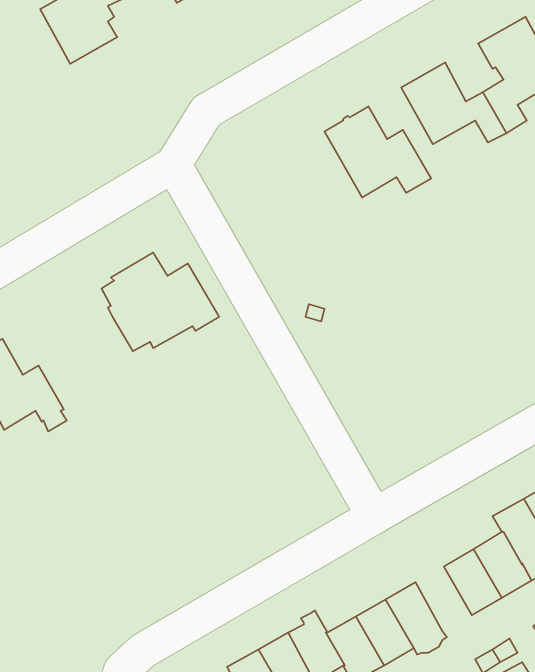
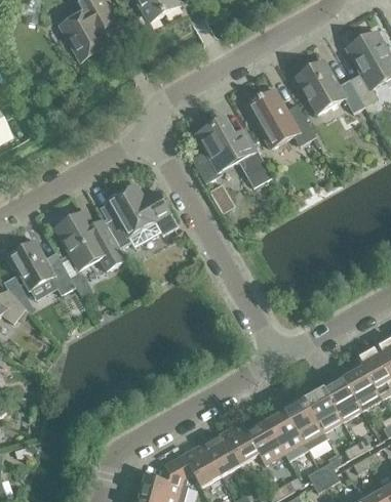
building: none -> [191,118,271,186]
building: none -> [56,214,125,270]
building: none -> [305,389,342,431]

